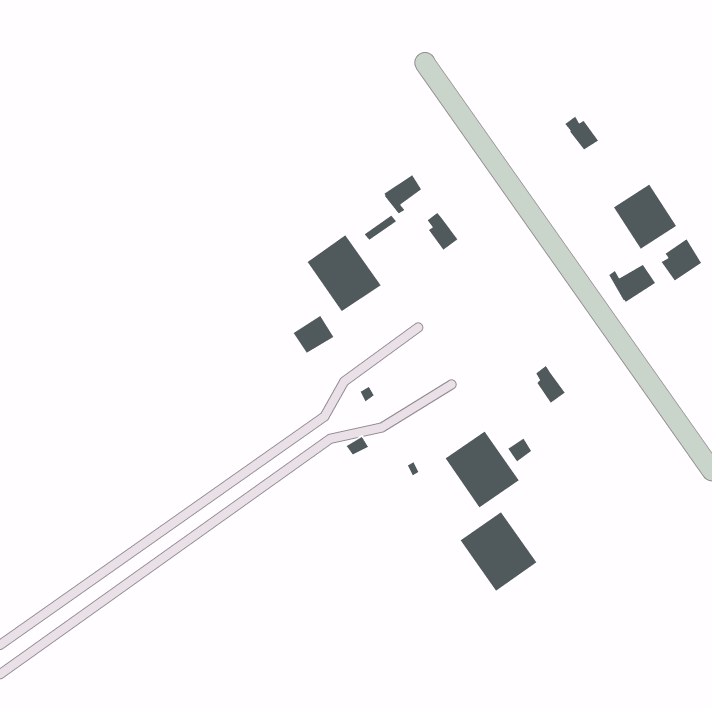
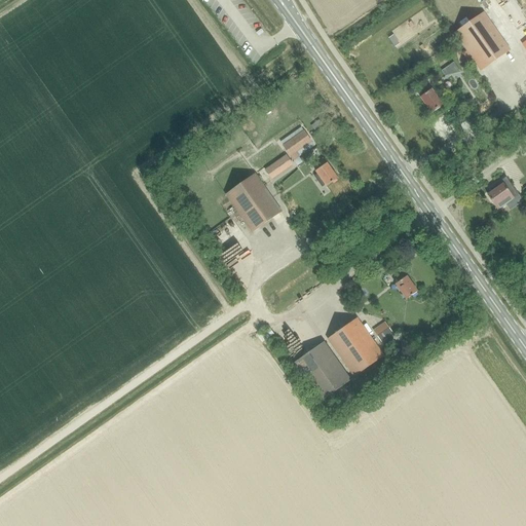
building: none -> [454,11,510,70]
building: [613,183,677,250] -> none
building: [608,264,656,303] -> none
building: [460,511,538,592] -> [293,341,350,401]

